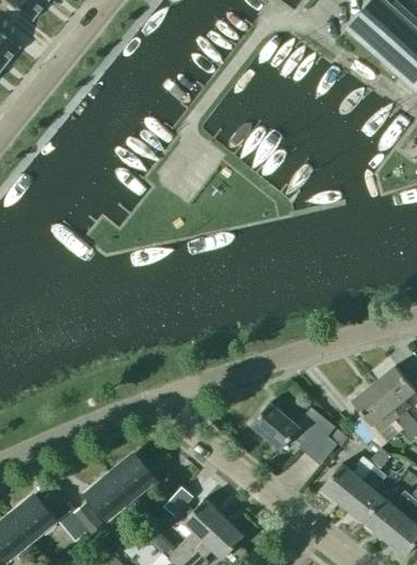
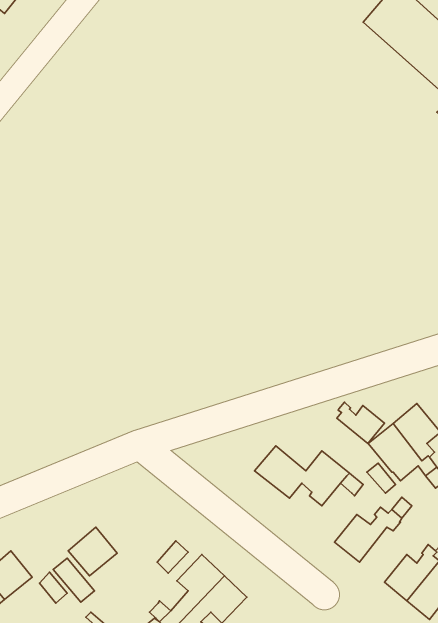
building: none -> [337,402,384,444]
building: [111,455,154,498] -> none
building: [344,470,386,523] -> none

